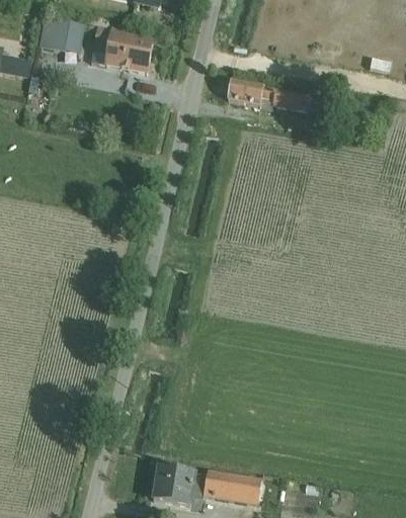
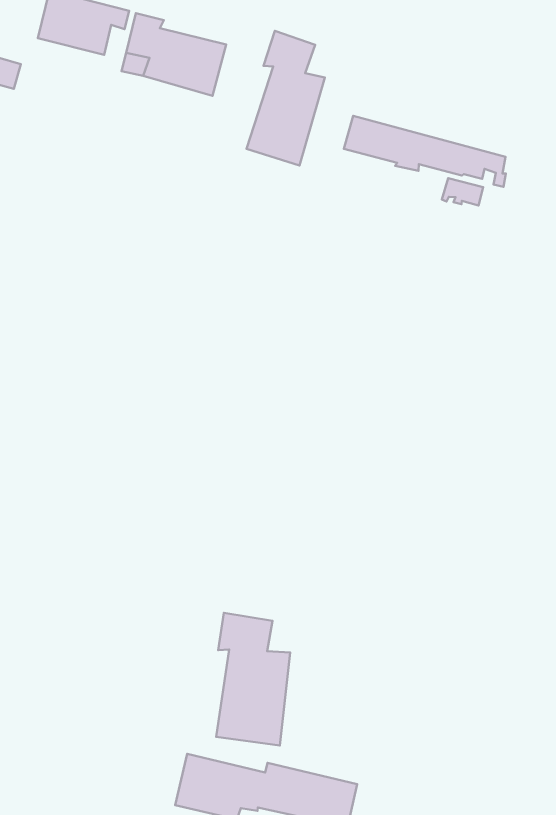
building: none -> [247,31,325,165]
building: none -> [216,613,290,745]

